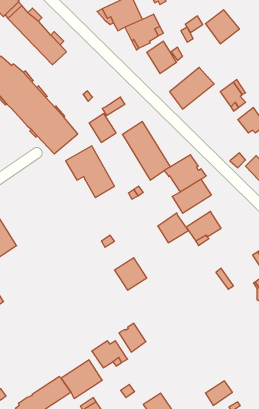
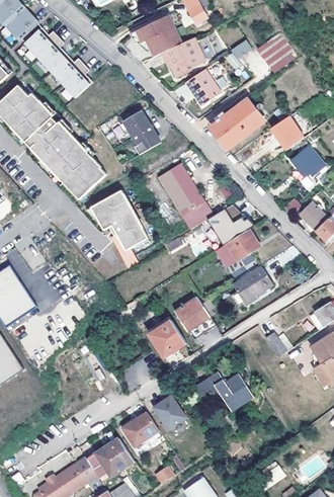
building: [89,114,116,142] -> [124,111,156,145]
building: [158,213,188,243] -> [177,301,213,335]
building: none -> [193,372,253,411]

